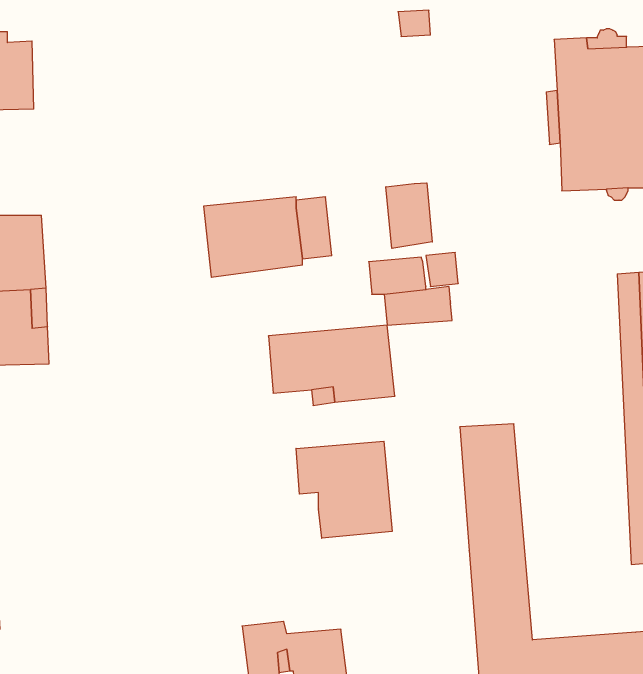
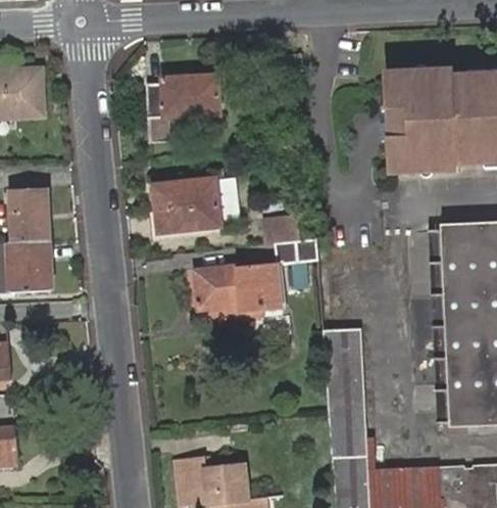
building: none -> [148,77,205,141]
building: [386,183,432,248] -> none
building: [296,441,392,538] -> none

